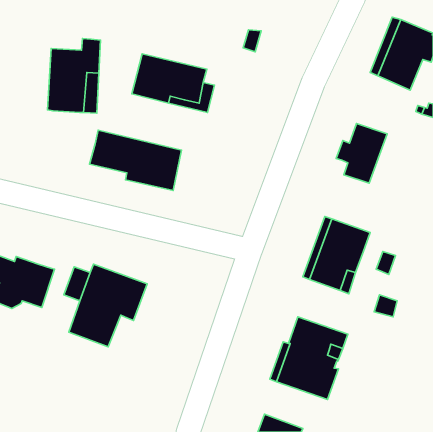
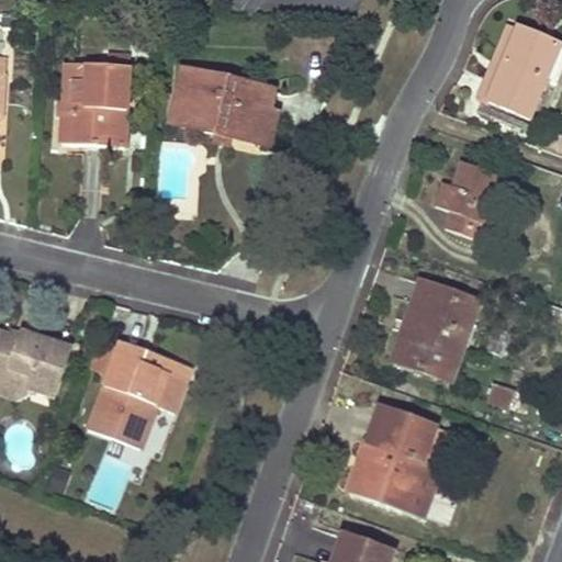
building: [90,130,182,190] -> none

